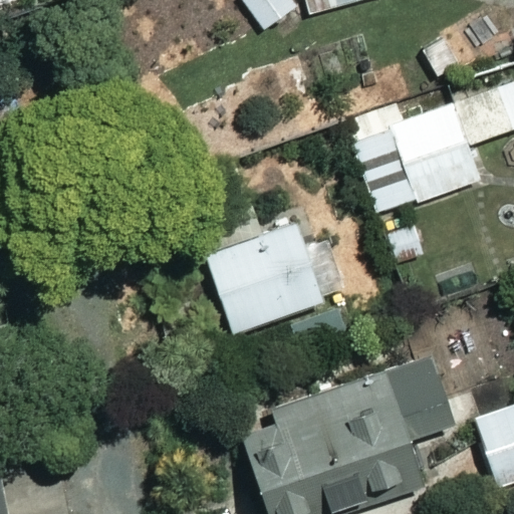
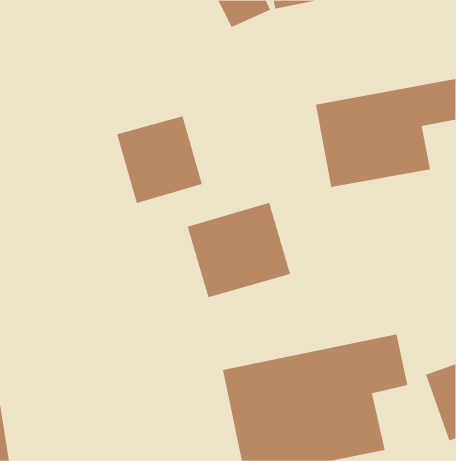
building: none -> [117,115,202,204]

